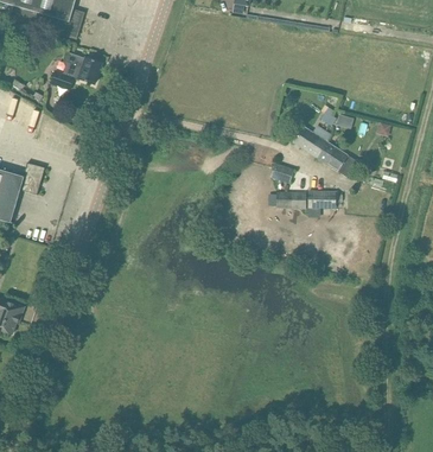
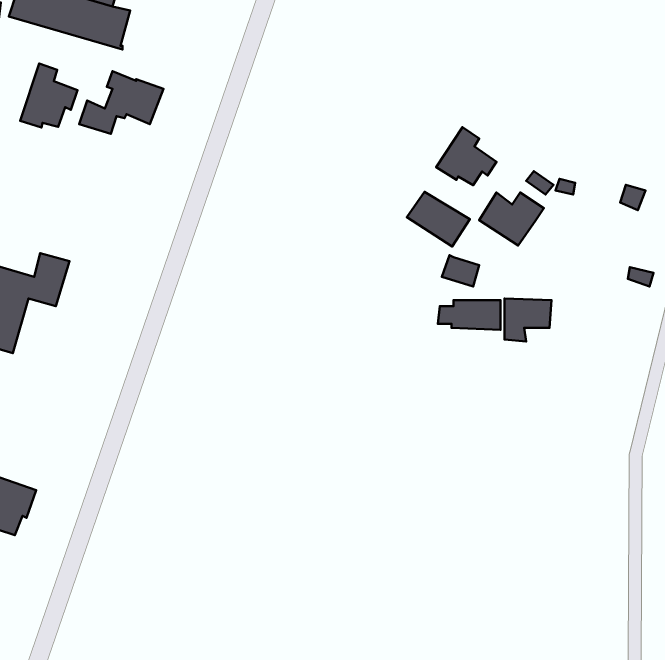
building: none -> [20,63,77,127]
building: none -> [436,127,497,185]
building: [317,141,355,174] -> [407,192,470,247]

